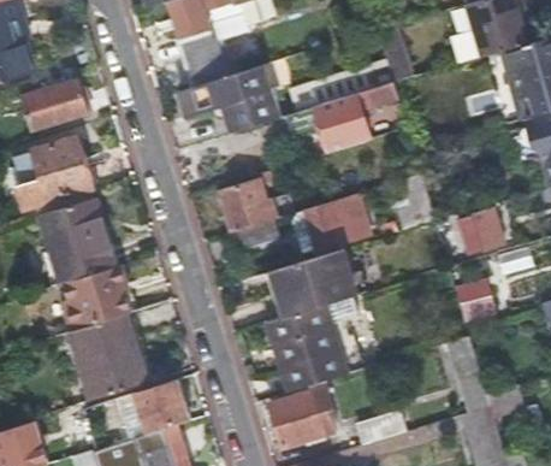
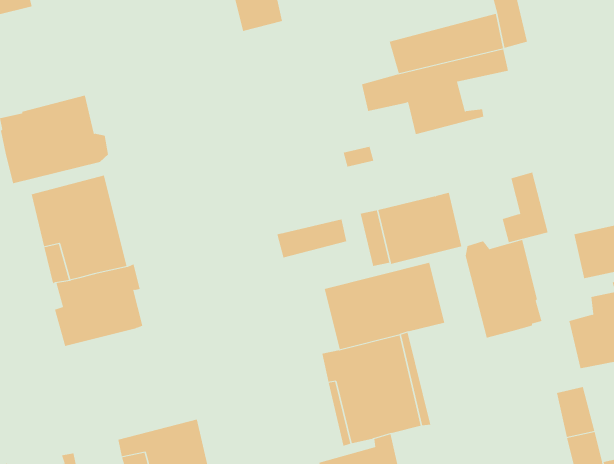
building: [182,67,277,134] -> none
building: [31,79,88,129] -> none
building: [220,182,277,234] -> none
building: none -> [465,239,542,338]
building: [70,313,147,400] -> none

